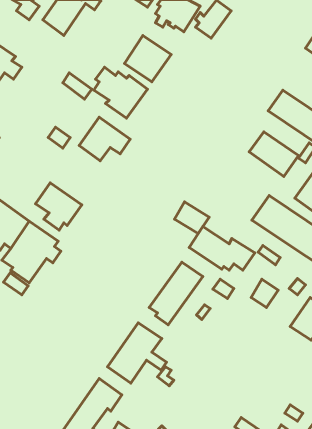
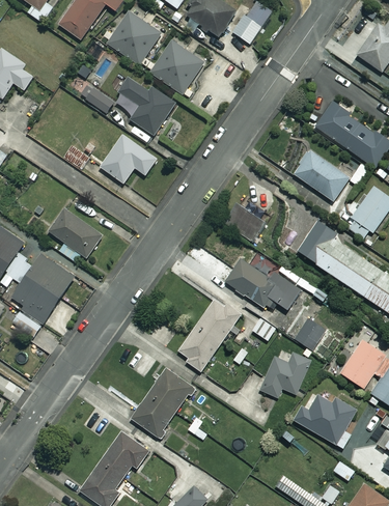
building: none -> [107,11,160,64]
building: [174,202,209,234] -> [225,204,265,241]
building: none -> [258,347,308,398]
building: none -> [291,391,357,448]

